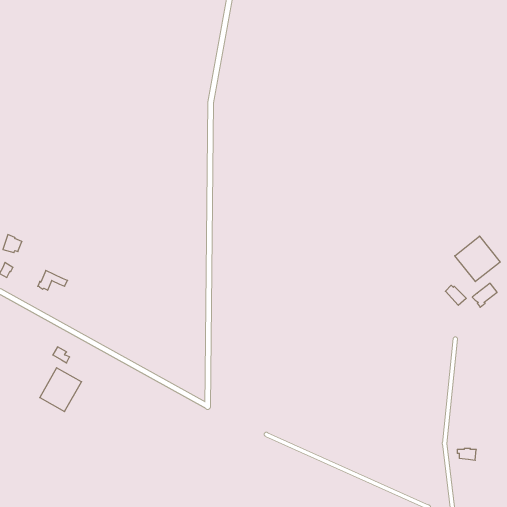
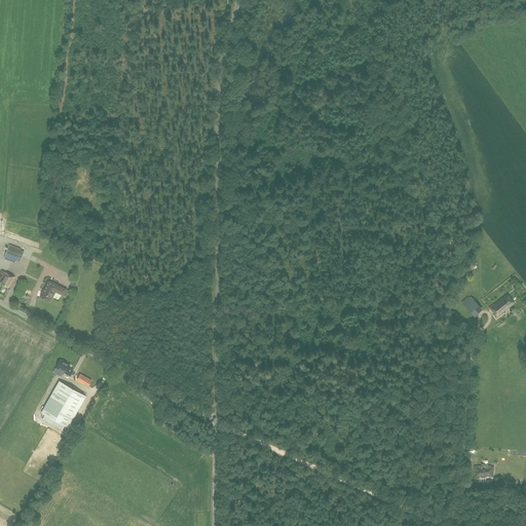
building: [455,236,500,282] -> none

